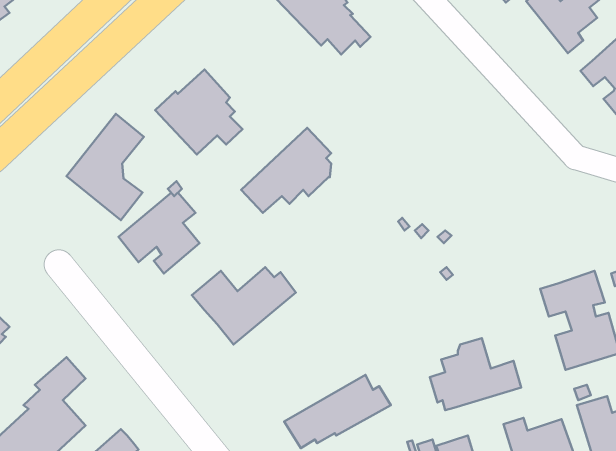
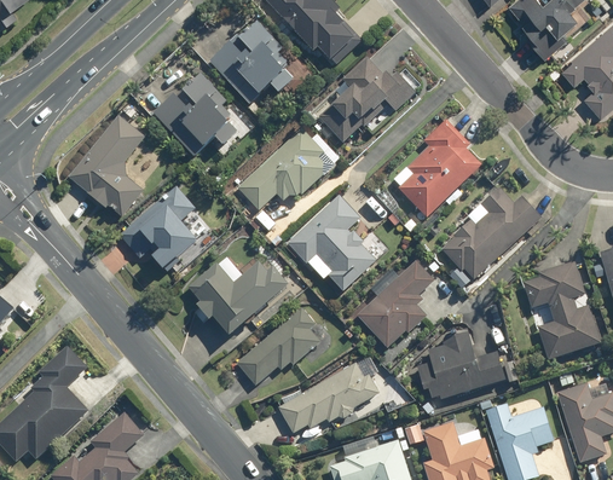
building: none -> [206,24,290,104]
building: none -> [316,57,417,143]
building: none -> [399,122,481,215]
building: none -> [443,186,539,278]
building: none -> [287,193,375,285]
building: none -> [354,261,430,348]
building: none -> [237,307,320,383]

